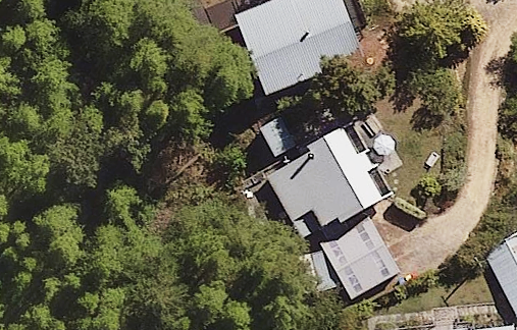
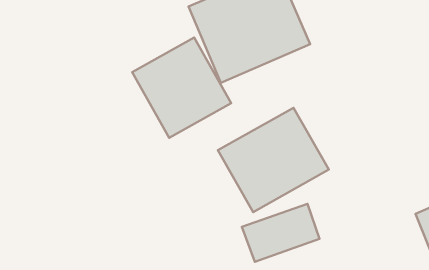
building: none -> [132,38,231,138]

